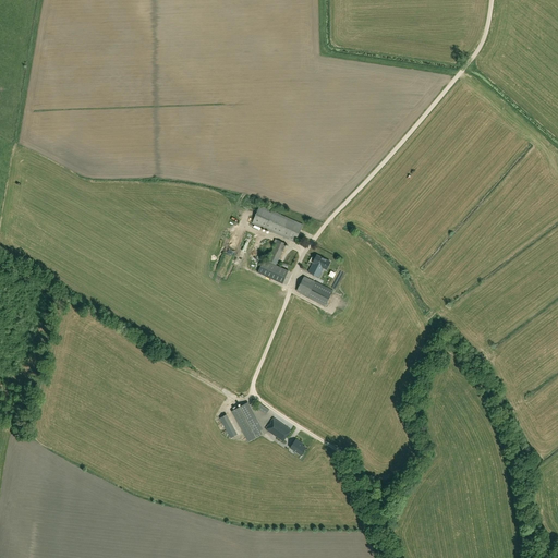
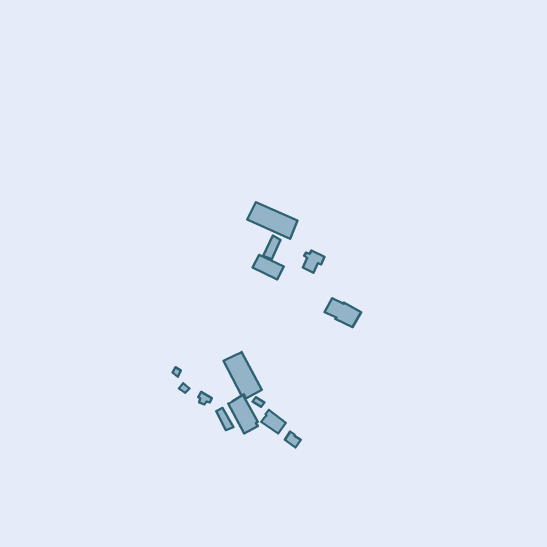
building: [296,277,333,306] -> [325,298,361,327]
building: none -> [223,352,262,399]

